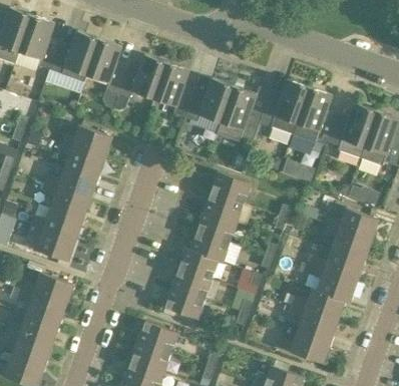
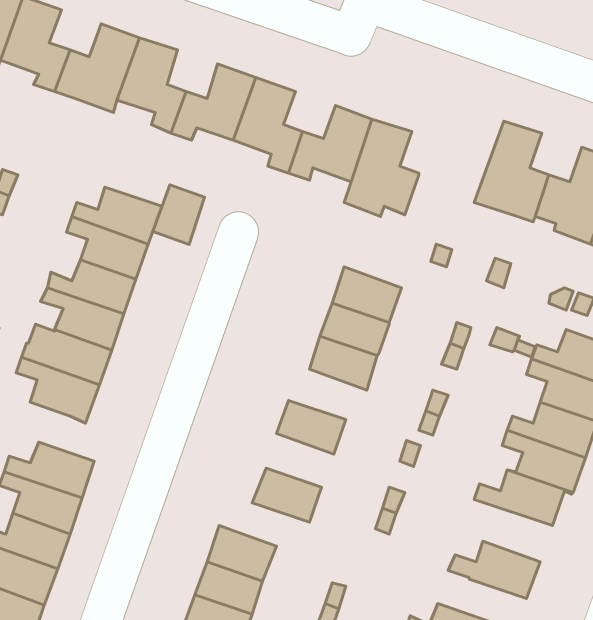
building: [261,79,310,134] -> none
building: none -> [153,185,205,245]
building: [185,231,231,261] -> none
building: [172,268,212,299] -> none
building: [290,306,338,342] -> none

